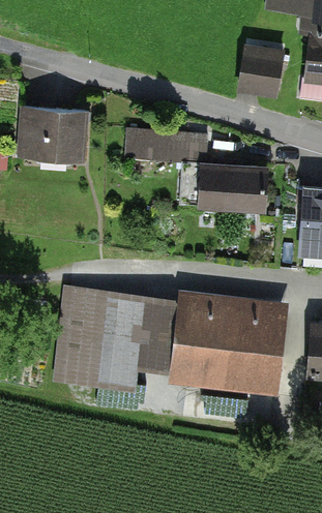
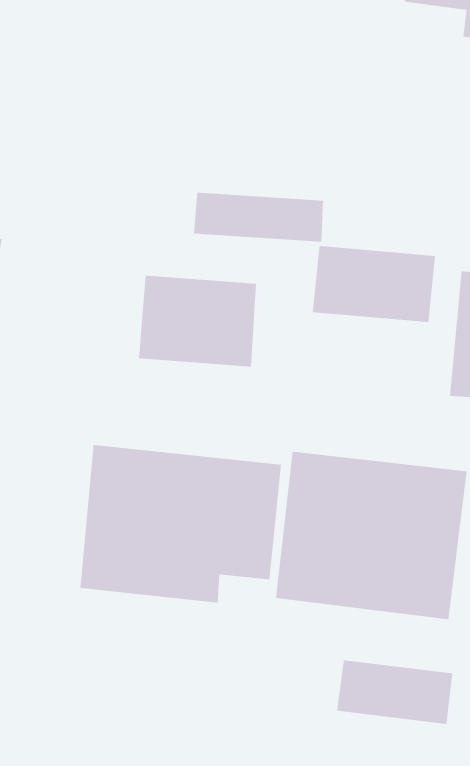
building: [238,40,290,96] -> none
building: [17,108,90,164] -> [138,275,257,367]
building: none -> [336,660,453,725]

